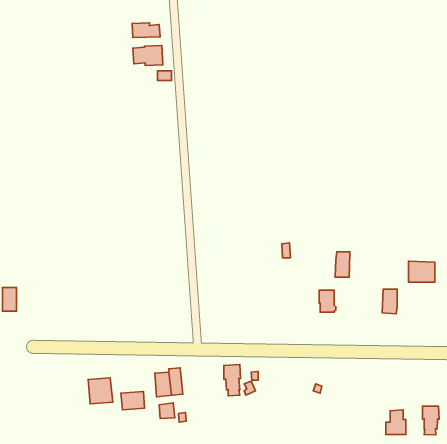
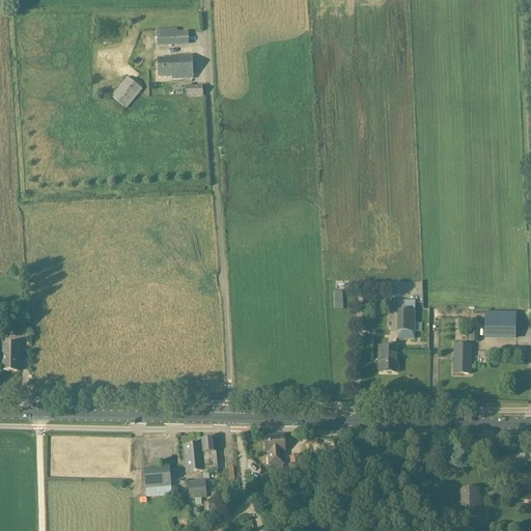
building: none -> [112,75,143,107]
building: [88,378,113,404] -> none
building: [423,406,439,435] -> none

